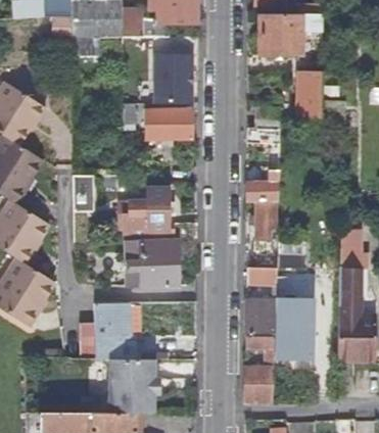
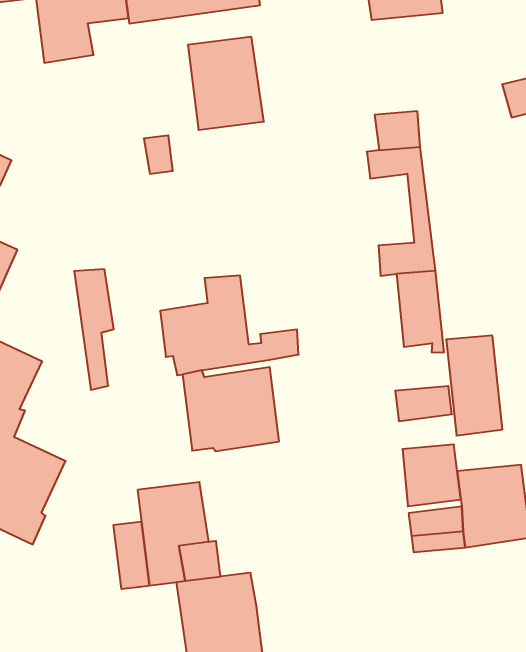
building: [296,71,321,118] -> none
building: [145,108,192,145] -> none
building: [246,365,276,403] -> none

